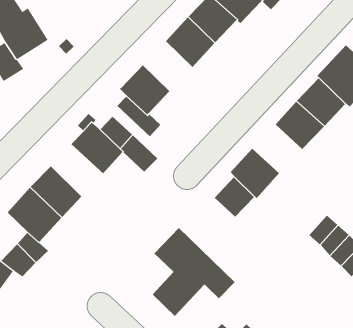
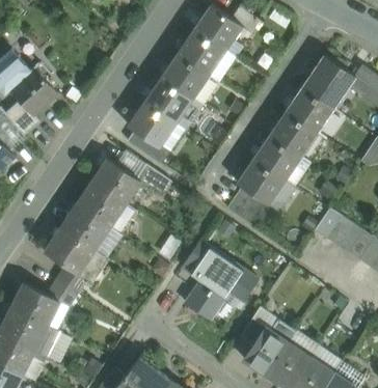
building: none -> [145,78,190,121]
building: none -> [254,136,299,178]
building: none -> [78,183,126,227]

